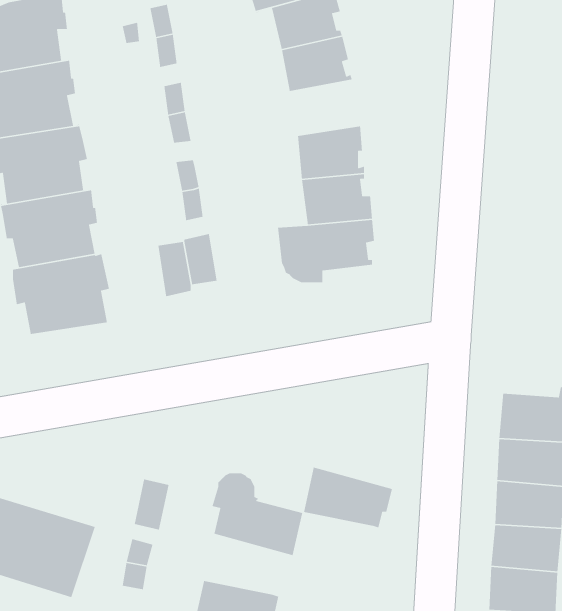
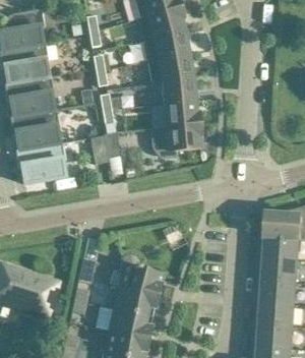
building: none -> [147,53,194,82]
building: [303,467,393,528] -> [114,285,160,316]

